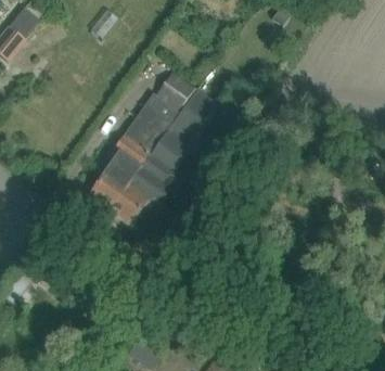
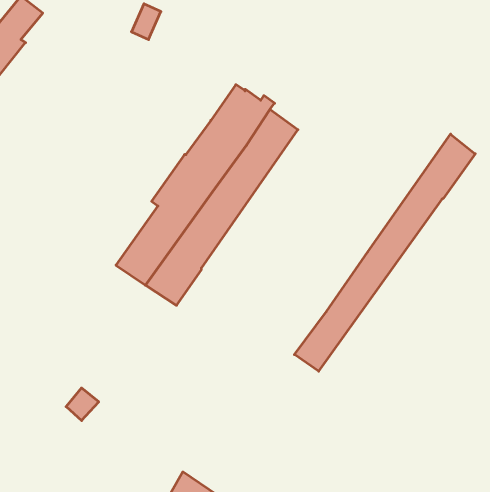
building: none -> [294,134,475,371]

